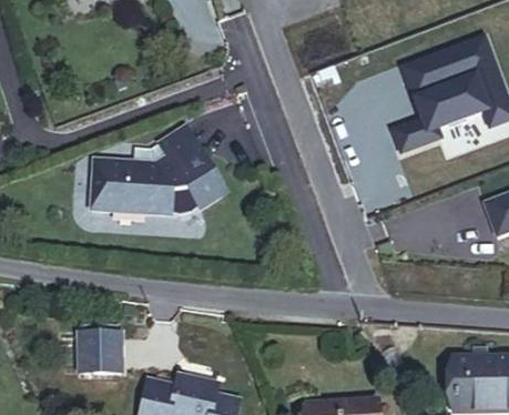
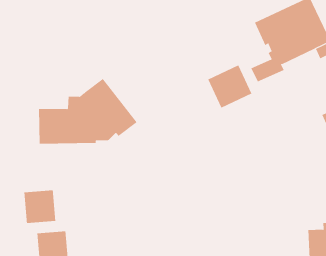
building: none -> [207,64,252,108]
building: none -> [24,189,56,224]

